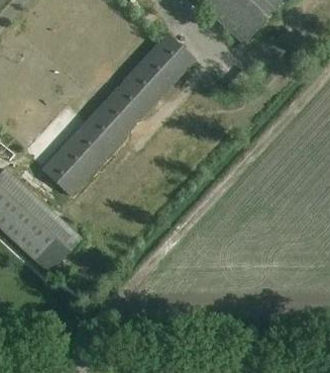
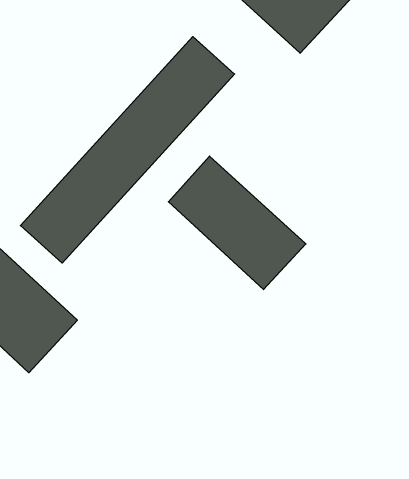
building: none -> [168,156,306,290]

